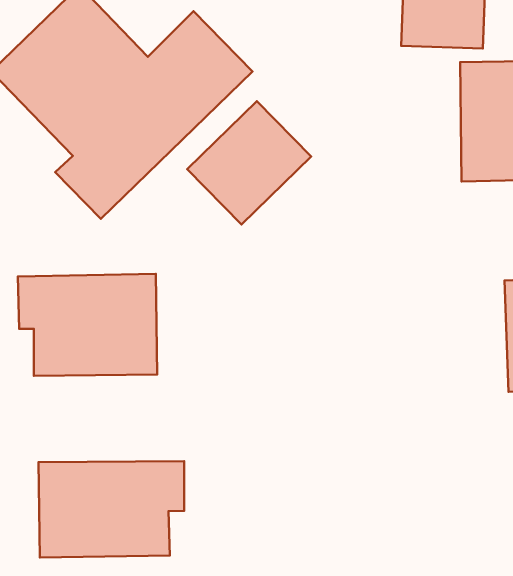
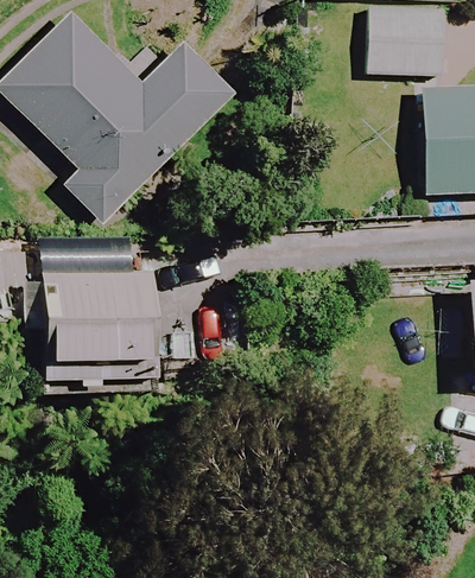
building: [187,101,311,224] -> none
building: [39,461,184,558] -> none

